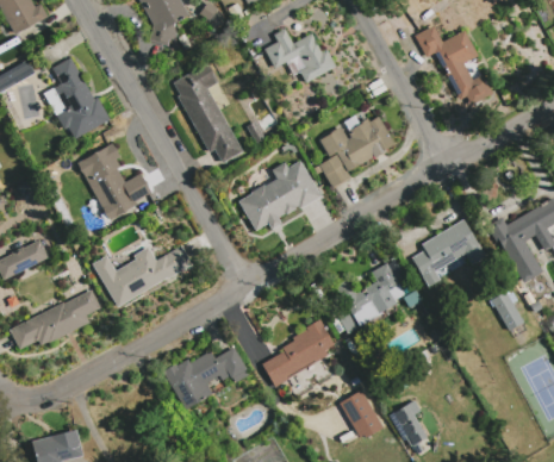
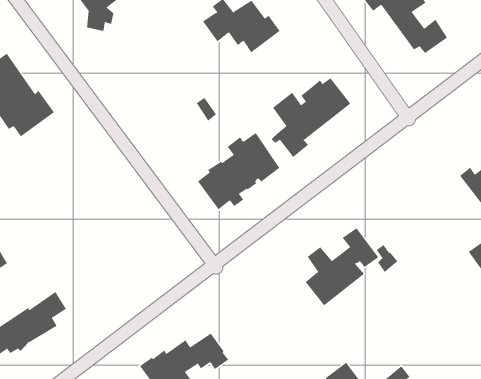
building: [174,63,243,162] -> none
building: [77,144,152,220] -> none
building: [412,219,486,287] -> none
building: [92,245,191,307] -> none
building: [262,320,334,387] -> none

